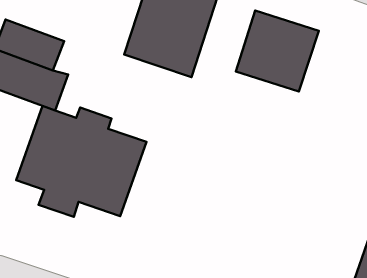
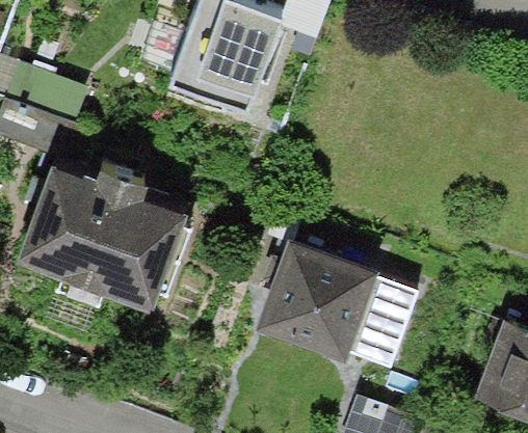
building: [236,10,319,92] -> none
building: none -> [259,237,406,358]

